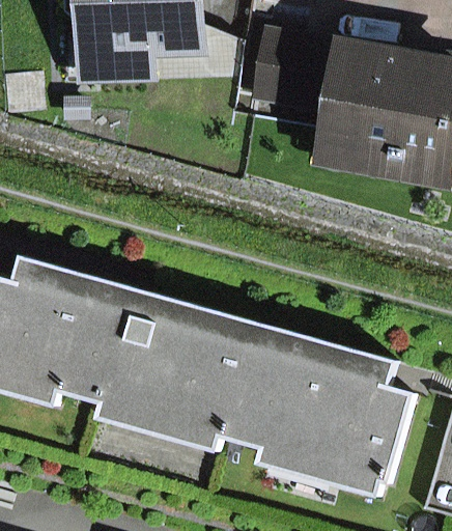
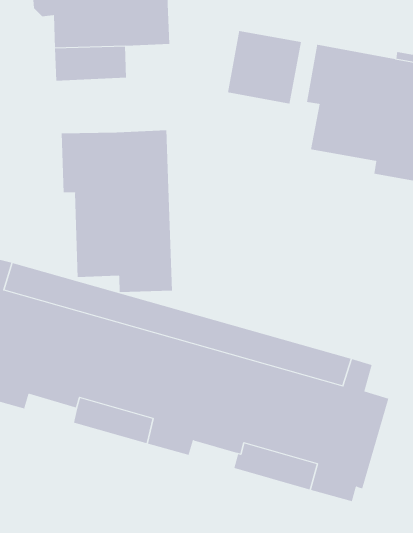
building: [312,44,401,180] -> none
building: none -> [61,129,172,293]

